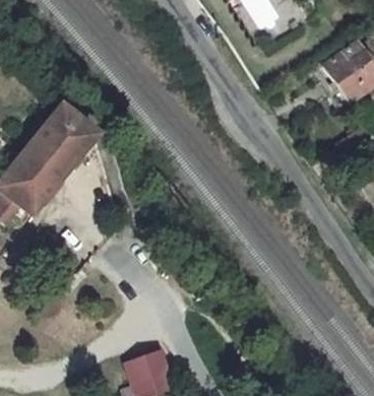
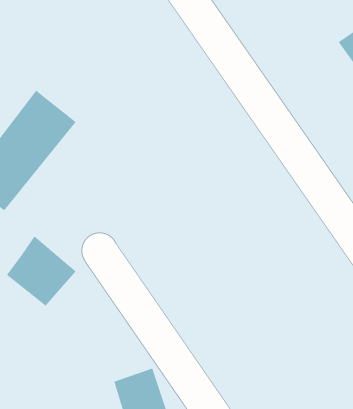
building: none -> [6,236,77,307]

